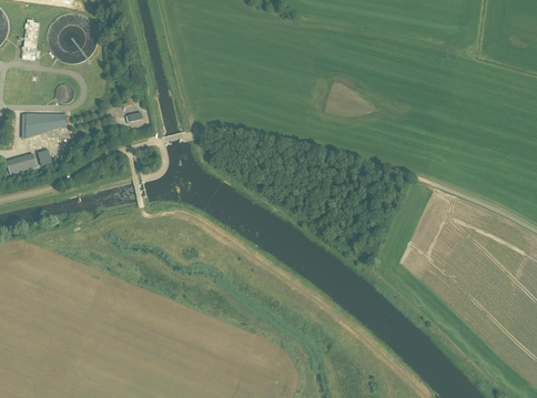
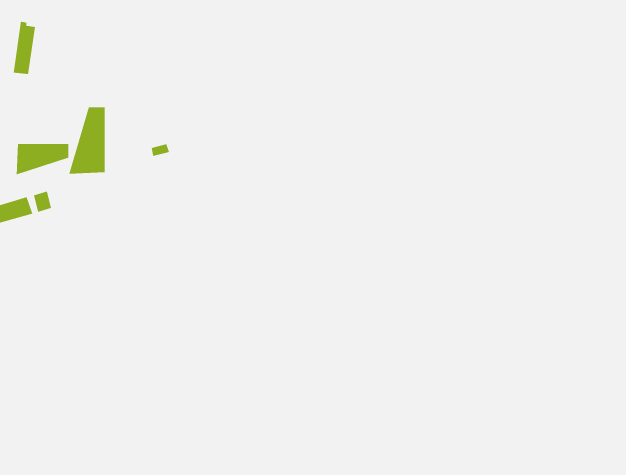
building: none -> [69,106,105,175]

